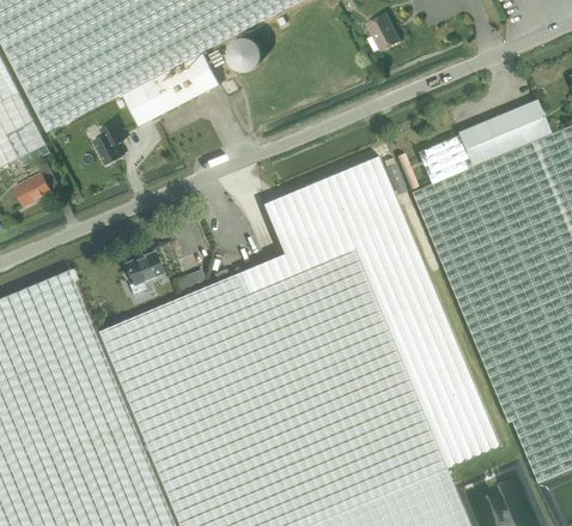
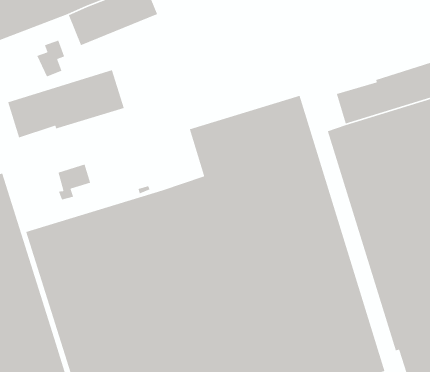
building: none -> [7,69,125,139]

